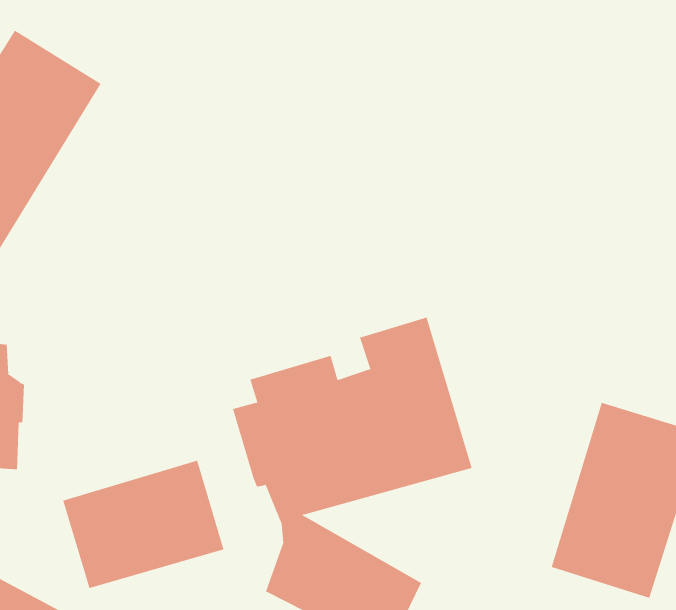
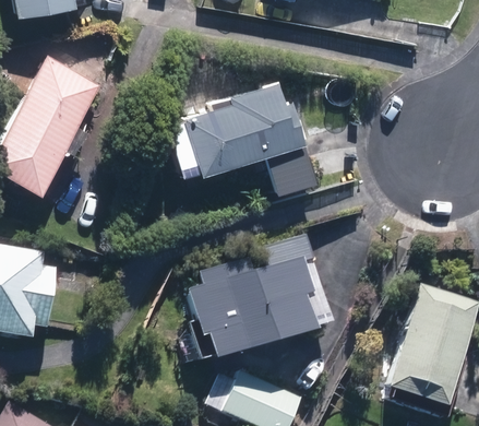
building: none -> [163,80,307,181]
building: [63,460,224,589] -> none

